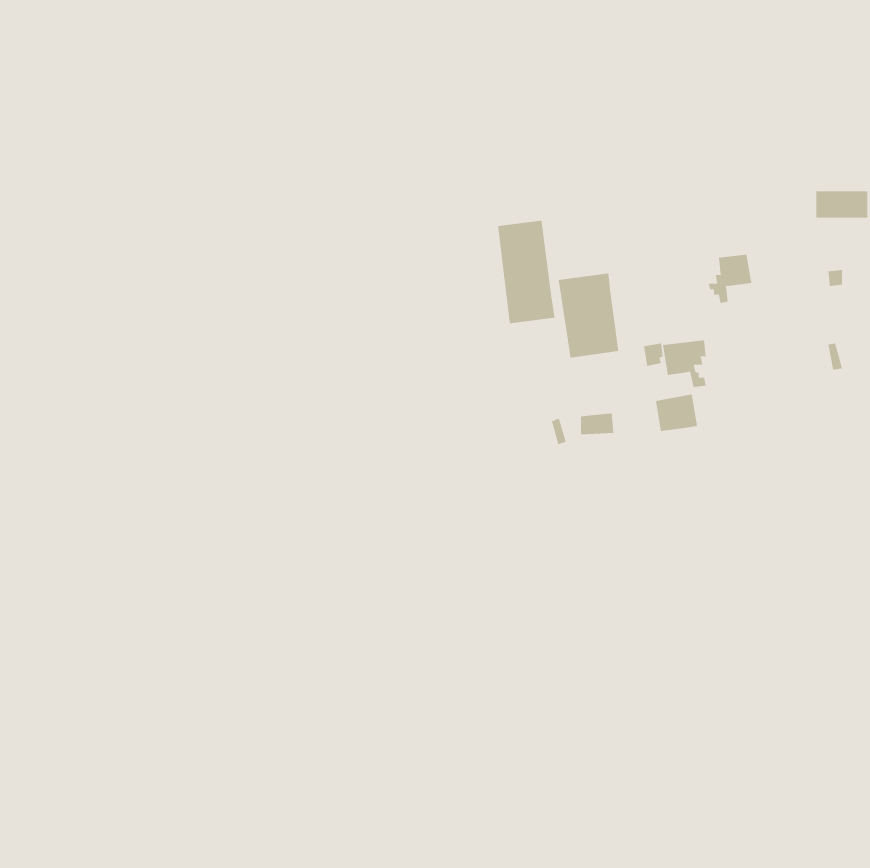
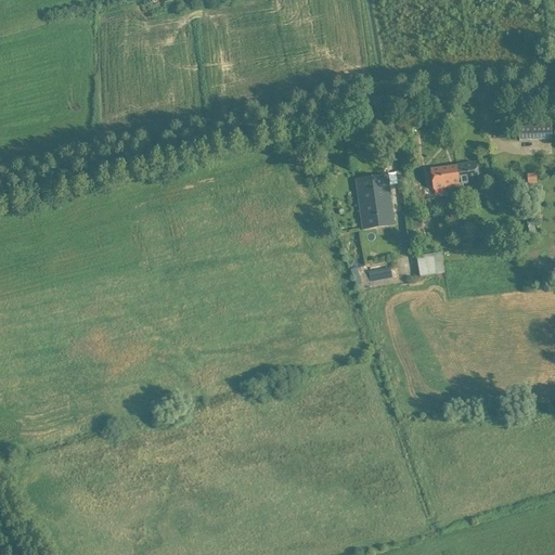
building: [497,220,555,324] -> none
building: [662,340,706,387] -> [429,164,457,194]

